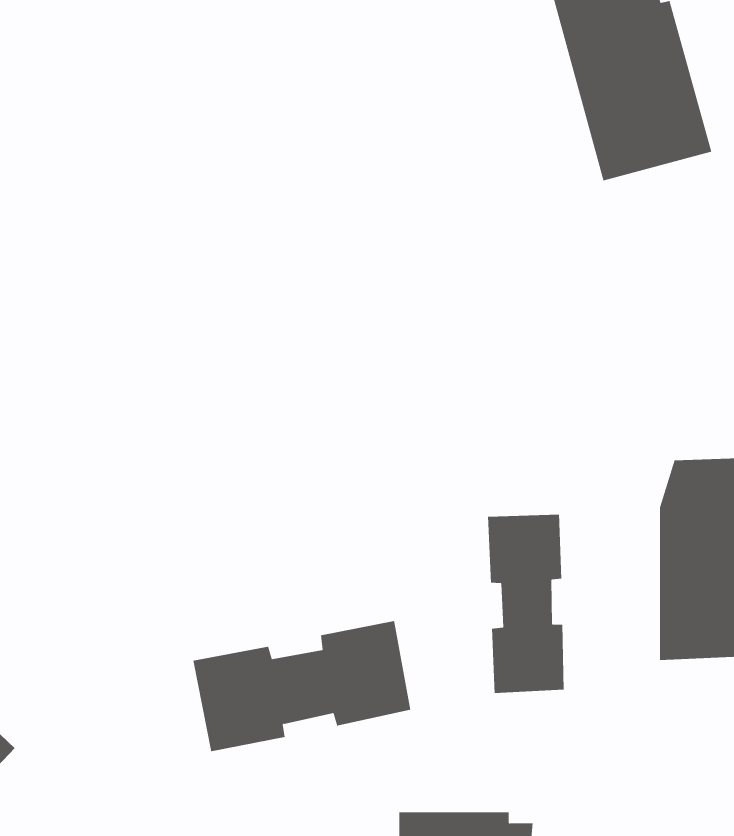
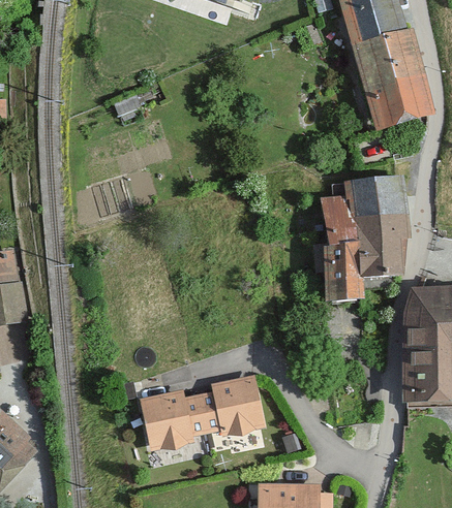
building: none -> [318,177,408,301]
building: [488,514,564,694] -> none

